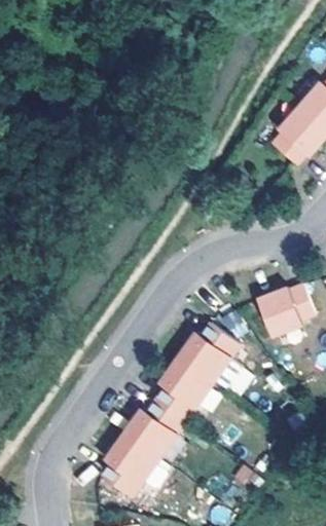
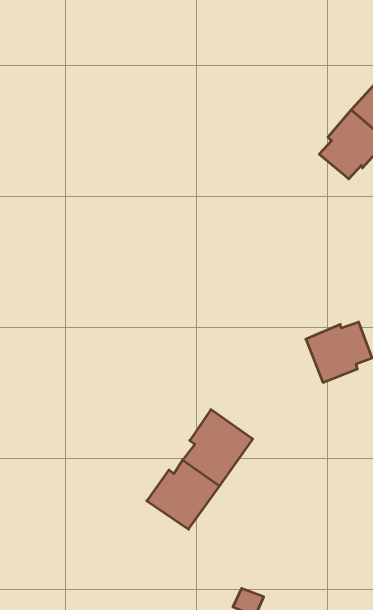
building: [181,321,243,380] -> none
building: [106,431,162,493] -> none

